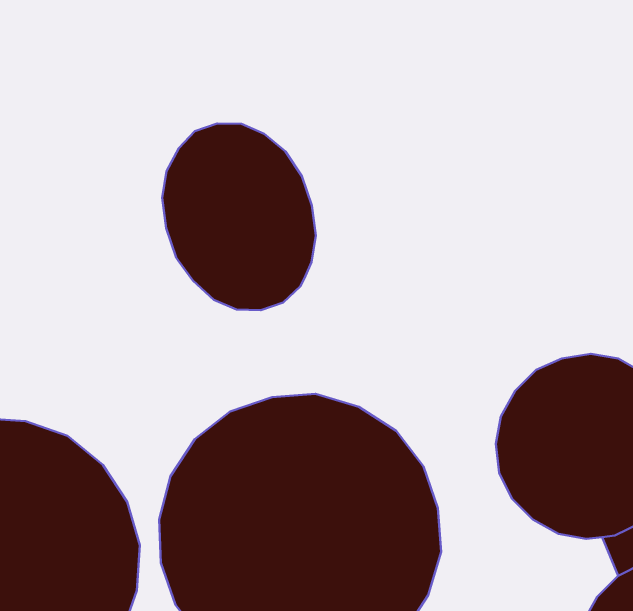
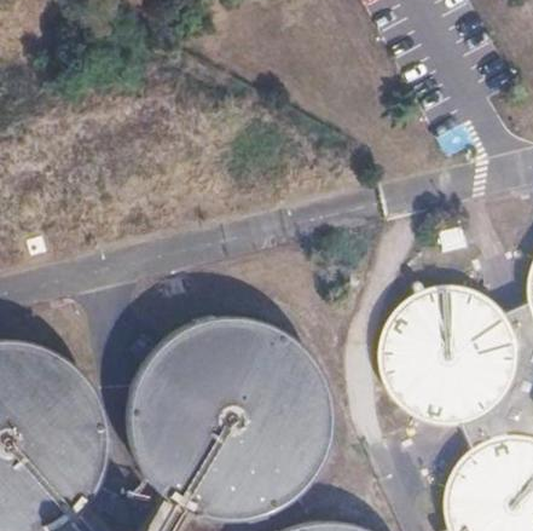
building: [162,123,316,310] -> none

